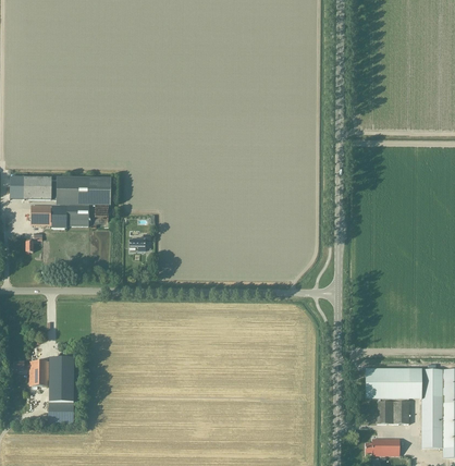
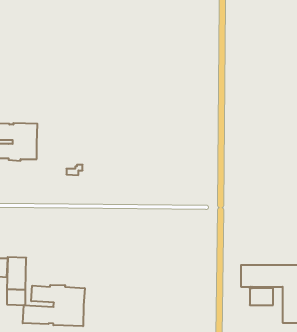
building: [88,177,111,205] -> none
building: none -> [23,285,85,326]
building: [366,438,399,455] -> none

